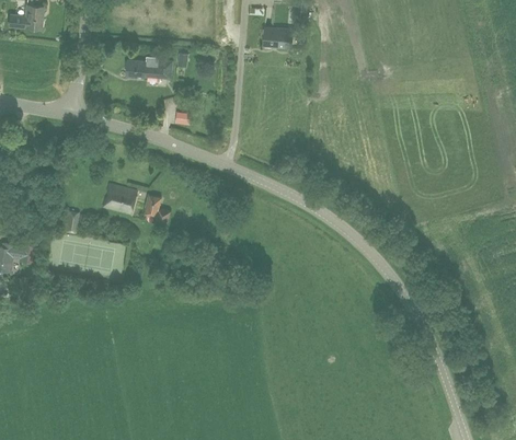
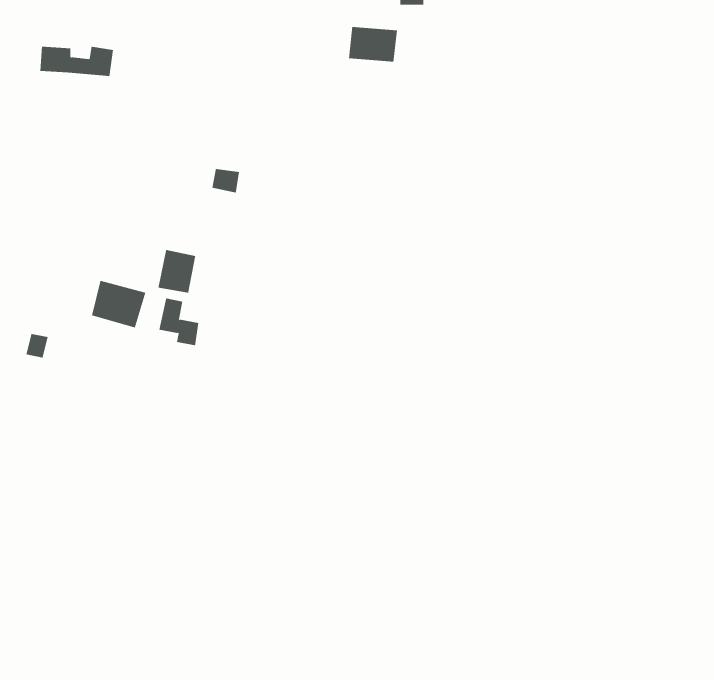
building: [125,58,171,77] -> [39,46,114,76]
building: none -> [158,249,196,294]

